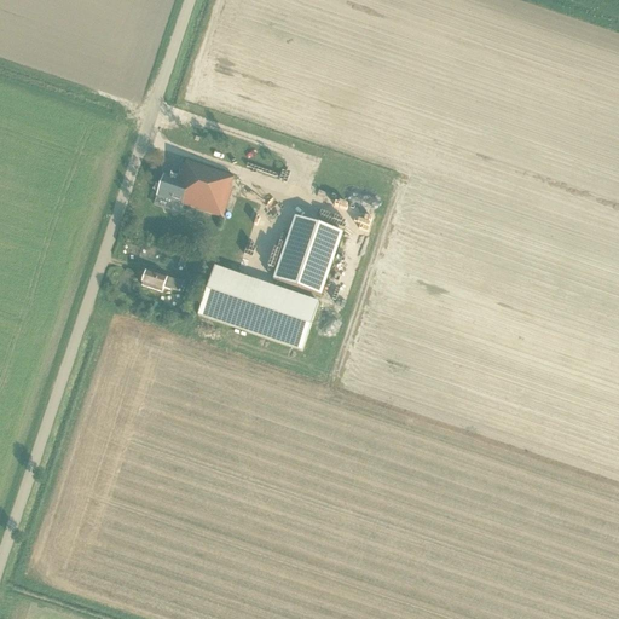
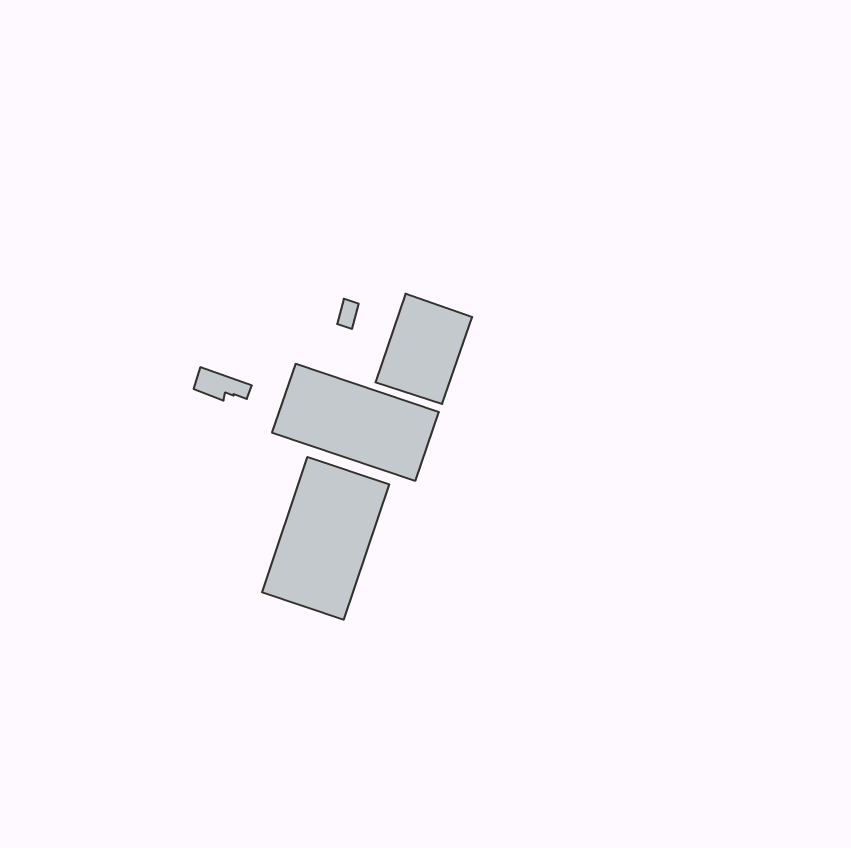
building: [155,157,232,215] -> none
building: none -> [262,457,389,620]

